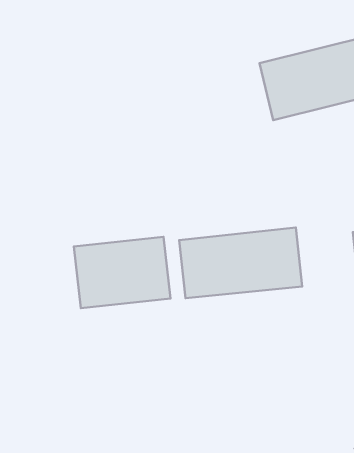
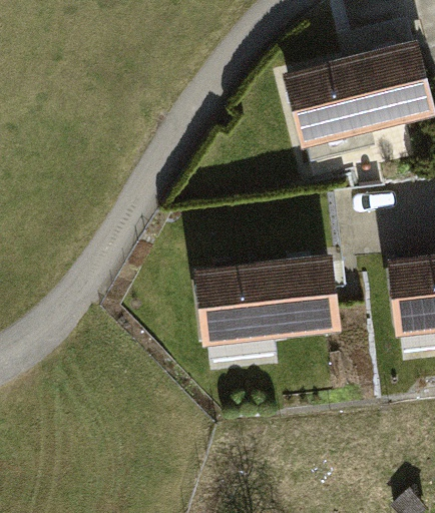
building: [74,237,171,308] -> none

